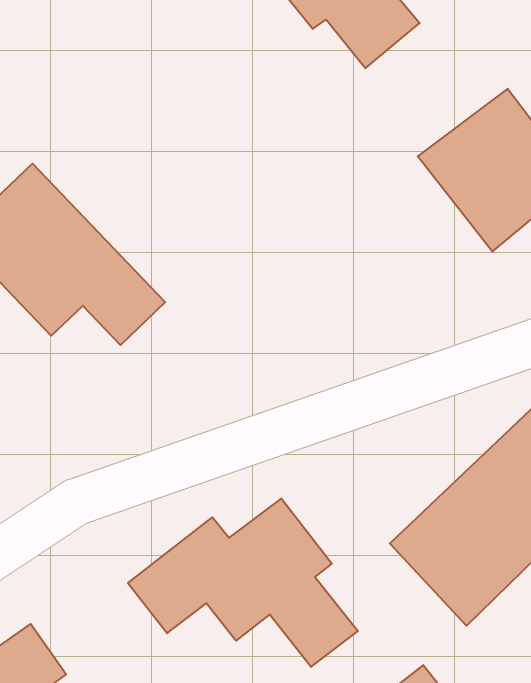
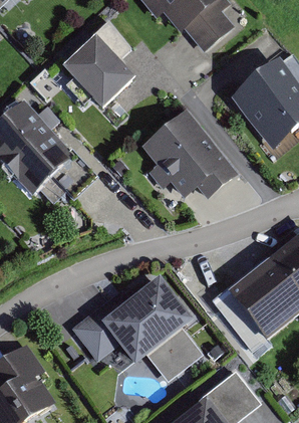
building: none -> [62,31,137,107]
building: none -> [143,110,239,200]

